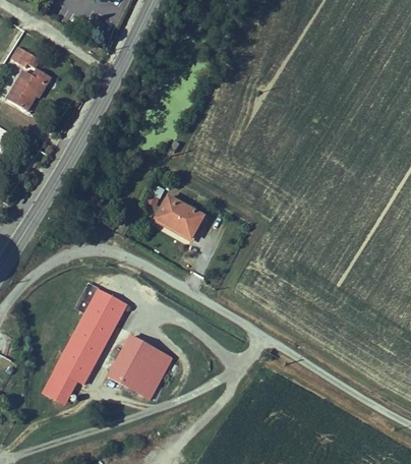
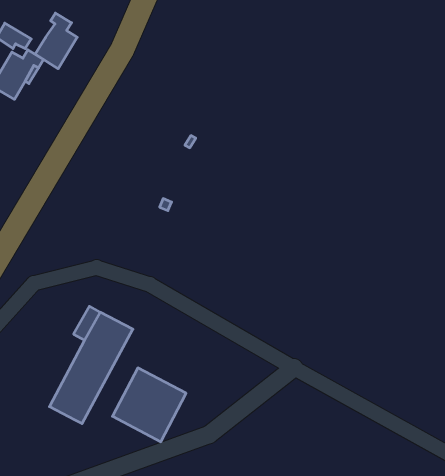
building: none -> [35,13,77,69]
building: [156,196,203,238] -> none
building: [43,368,77,403] -> none

